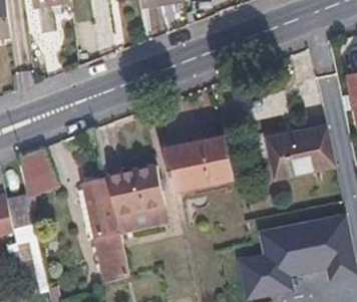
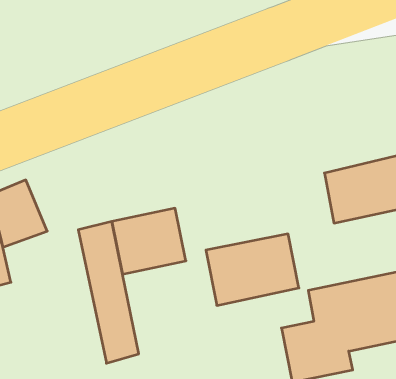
building: [169,139,239,193] -> [206,234,299,305]

